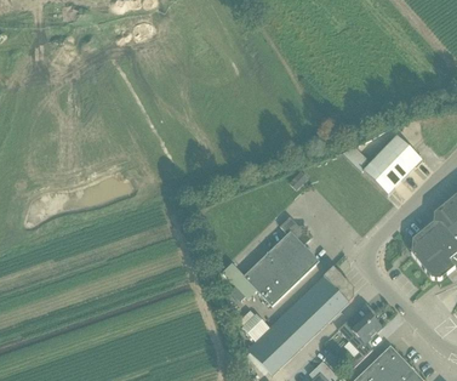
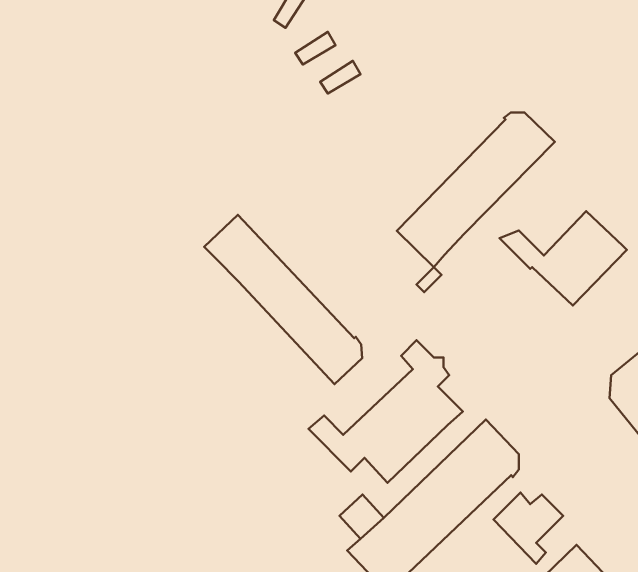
building: none -> [397,112,555,267]
building: none -> [204,215,362,384]

